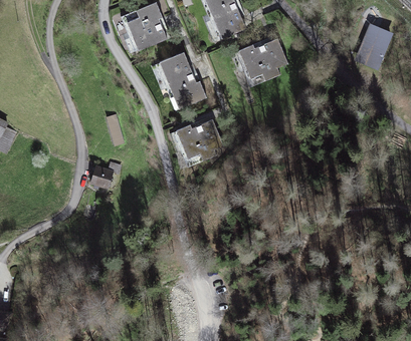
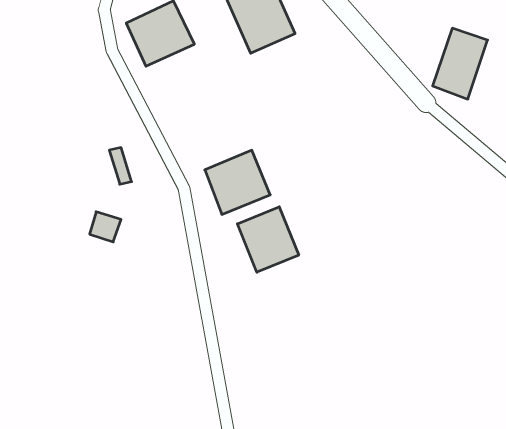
building: [238,36,291,84] -> none
building: [156,51,204,110] -> none
building: none -> [237,207,299,272]

